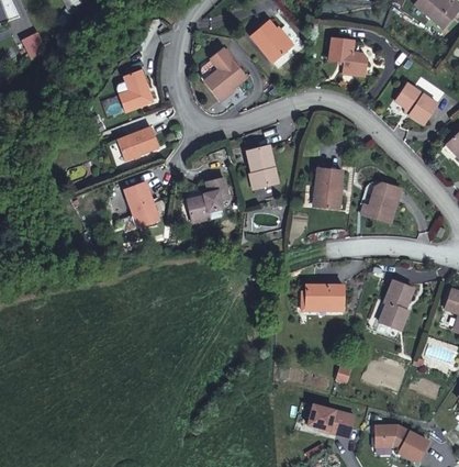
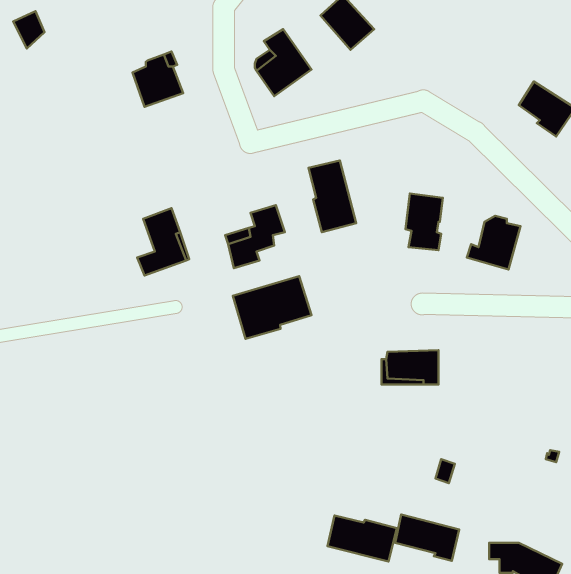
building: [329,38,367,78] -> none
building: [115,122,157,155] -> none
building: none -> [233,276,311,339]
building: [379,279,414,325] -> none
building: none -> [328,516,397,562]

